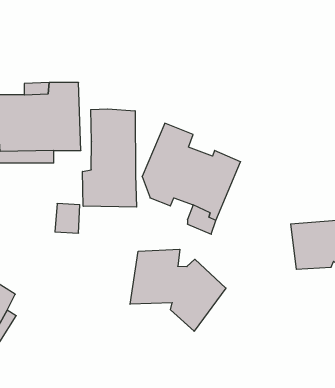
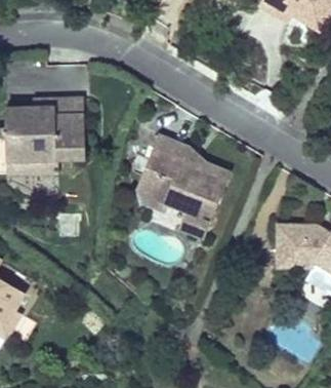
building: [83,109,136,207] -> none
building: [130,249,226,331] -> none

